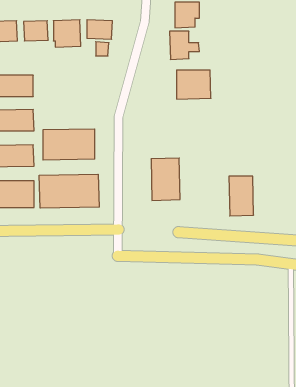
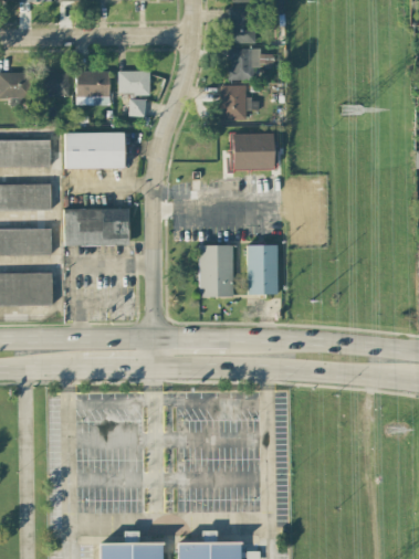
building: none -> [65,133,124,168]
building: [39,174,99,208] -> none
building: [229,176,254,216] -> [247,245,277,295]

